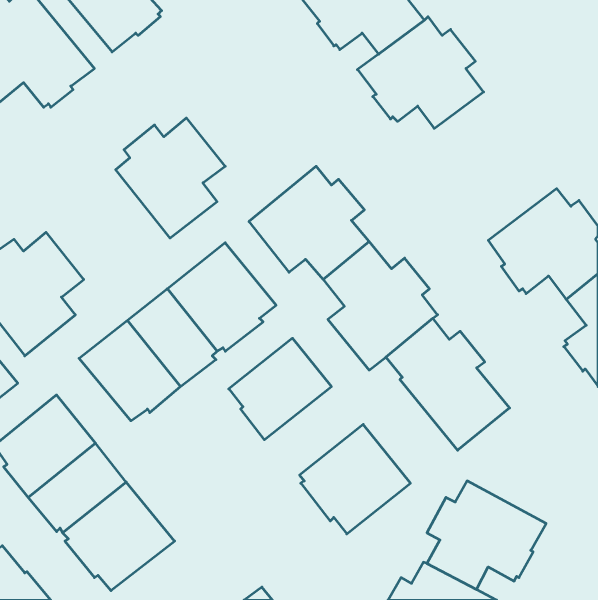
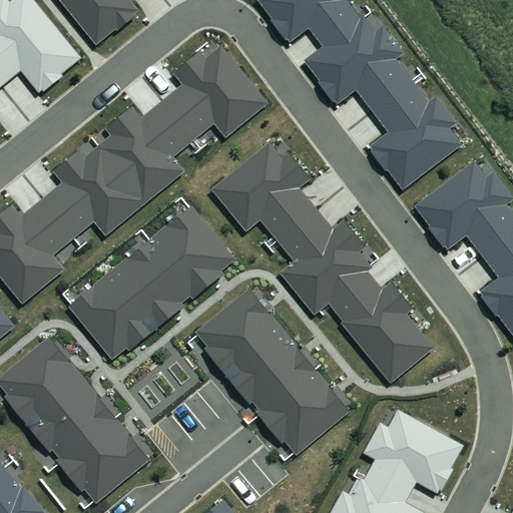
building: none -> [158,46,269,141]
building: none -> [369,78,461,189]
building: none -> [39,144,144,237]
building: none -> [224,329,309,404]

